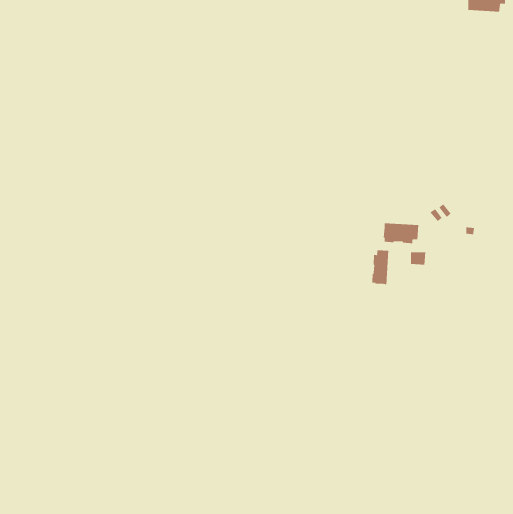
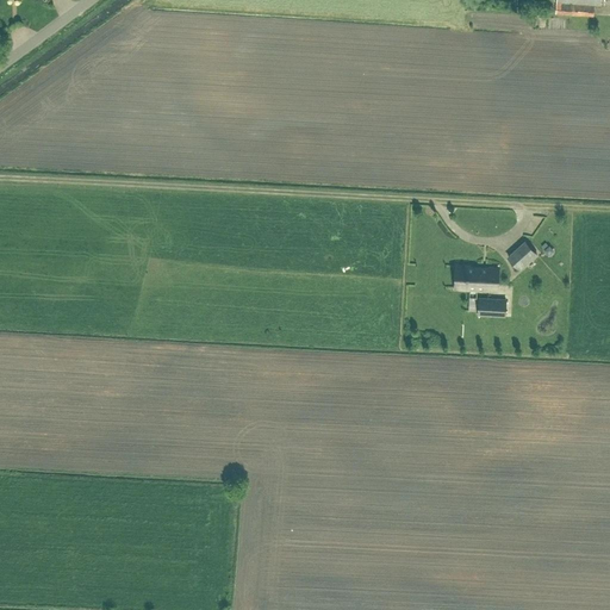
building: [372,250,389,285] -> none

